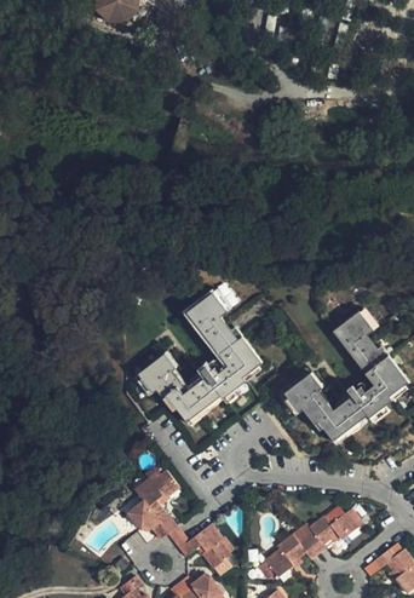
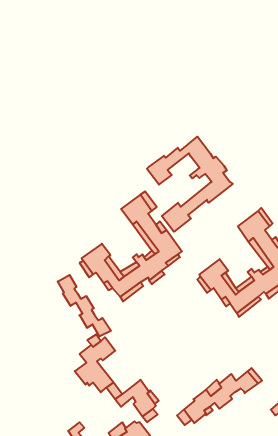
building: none -> [147,137,233,232]
building: none -> [58,275,111,336]

